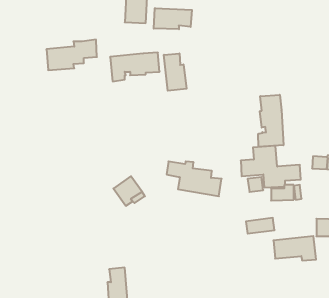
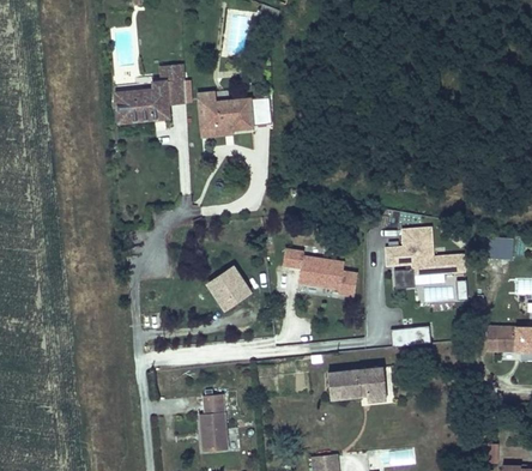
building: [154,8,192,29] -> none
building: [164,53,187,91] -> none
building: [258,95,283,147] -> none
building: [273,236,316,260] -> [327,367,386,400]

